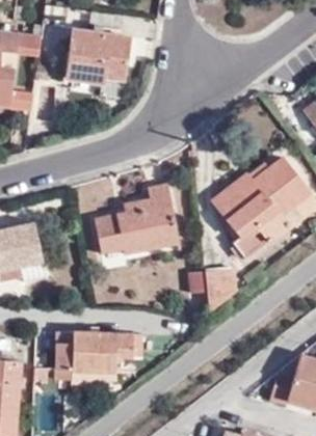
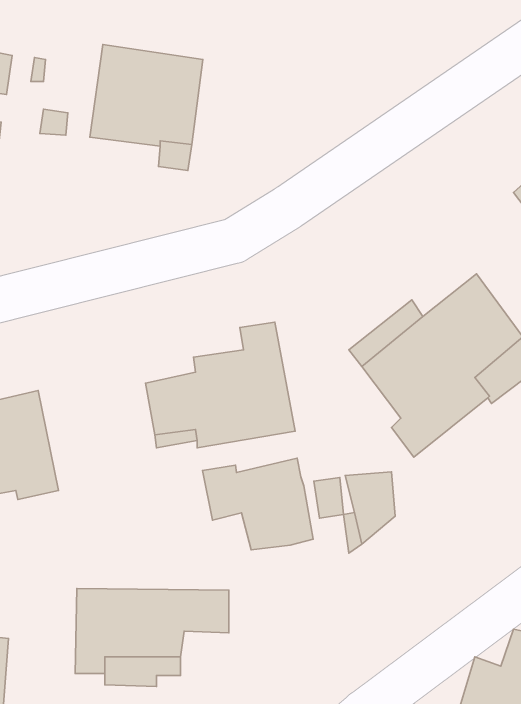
building: none -> [202,458,313,550]

